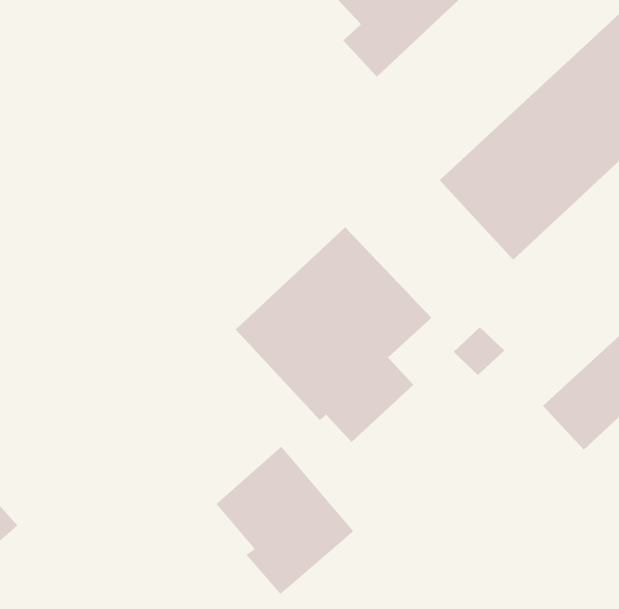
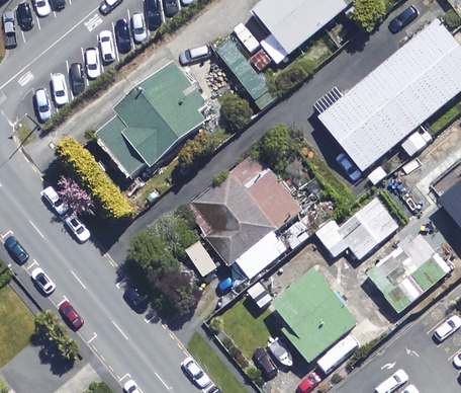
building: none -> [92,74,210,186]
building: none -> [342,192,399,257]
building: [215,446,354,595] -> [273,270,355,360]

